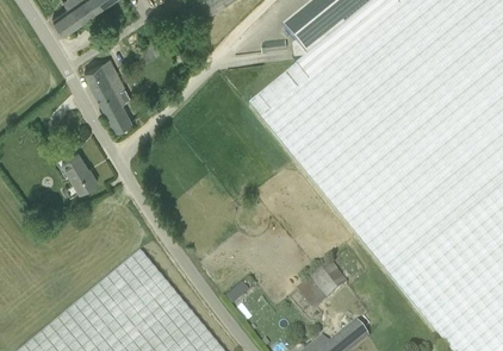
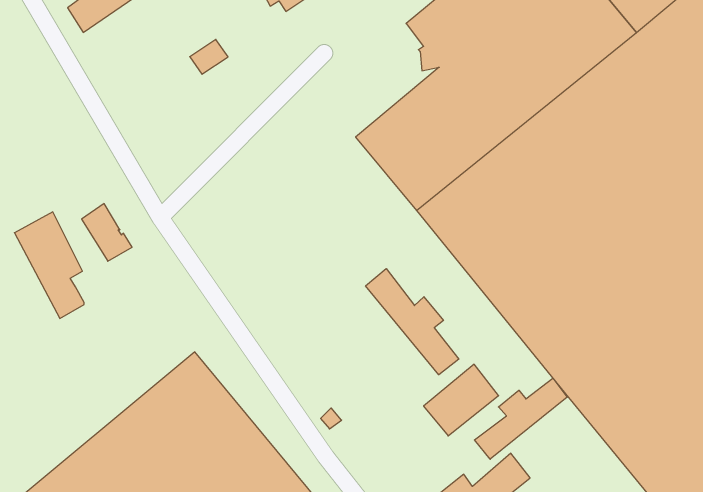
building: [83,55,131,127] -> [14,212,84,318]
building: none -> [366,269,459,375]
building: none -> [474,378,567,459]

